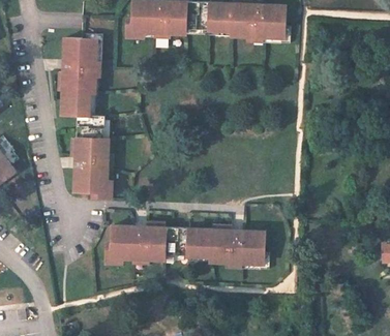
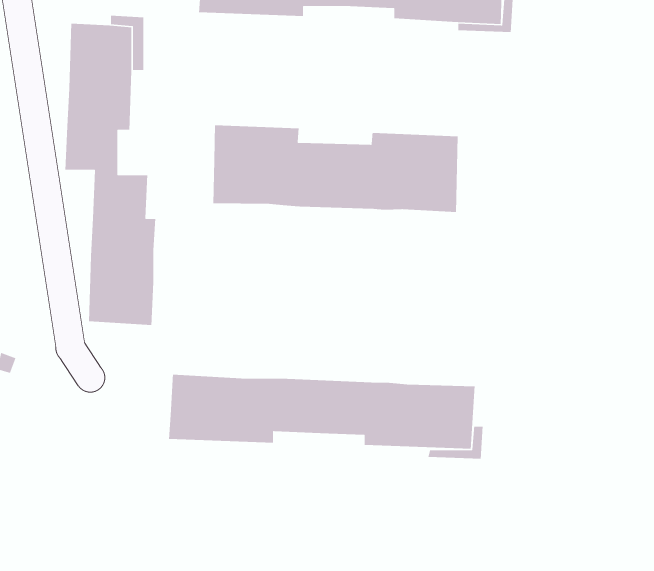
building: none -> [212,124,458,213]

